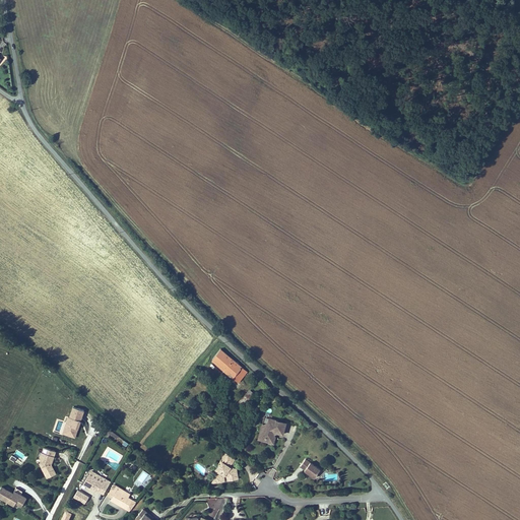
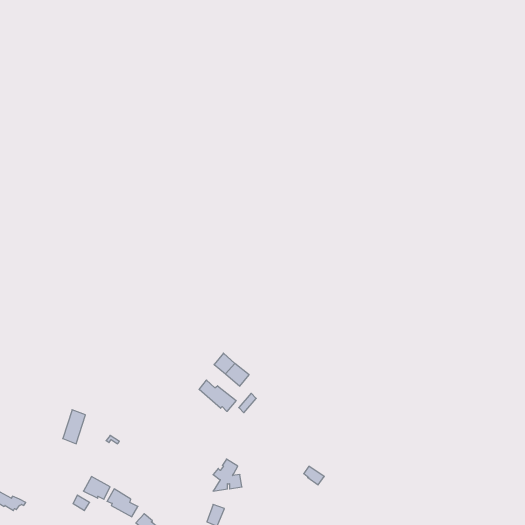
building: none -> [199,380,236,411]
building: [257,419,285,447] -> none
building: [38,446,56,478] -> none

